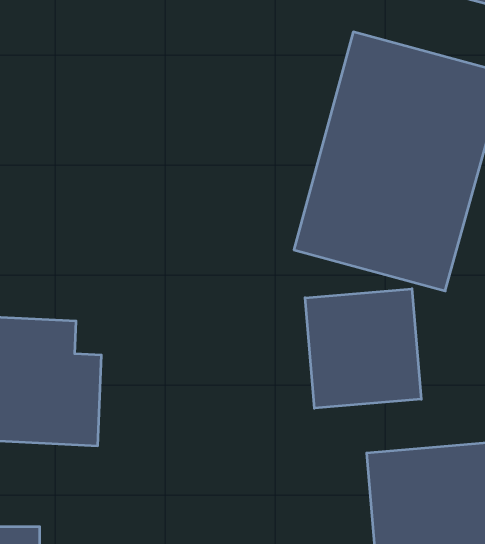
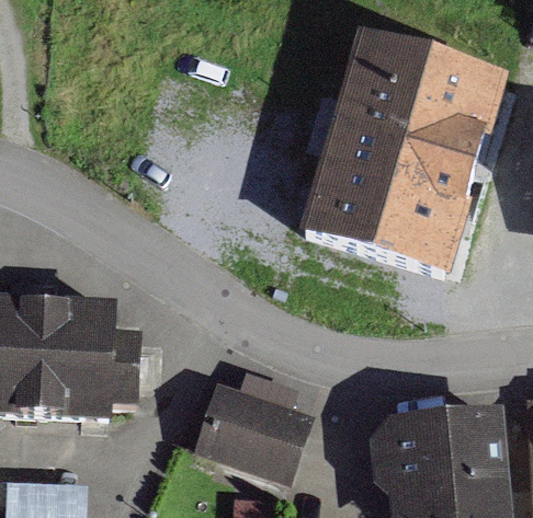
building: [305,289,421,408] -> none
building: none -> [196,373,307,473]

